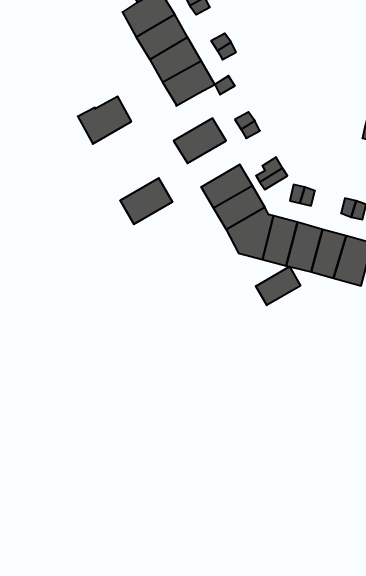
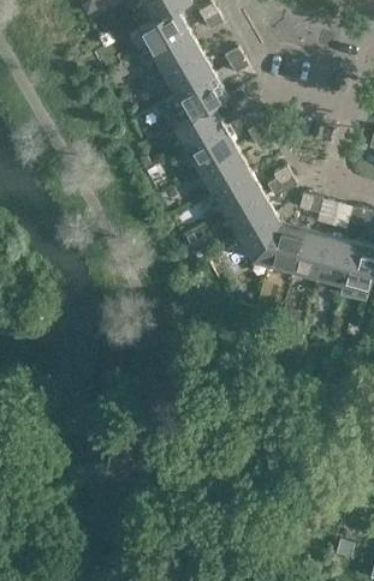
building: [78,96,131,144] -> [173,107,225,152]
building: [120,178,173,224] -> [201,152,251,197]
building: [256,267,300,305] -> none

